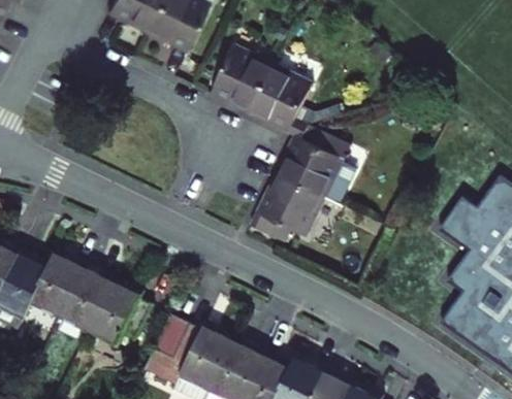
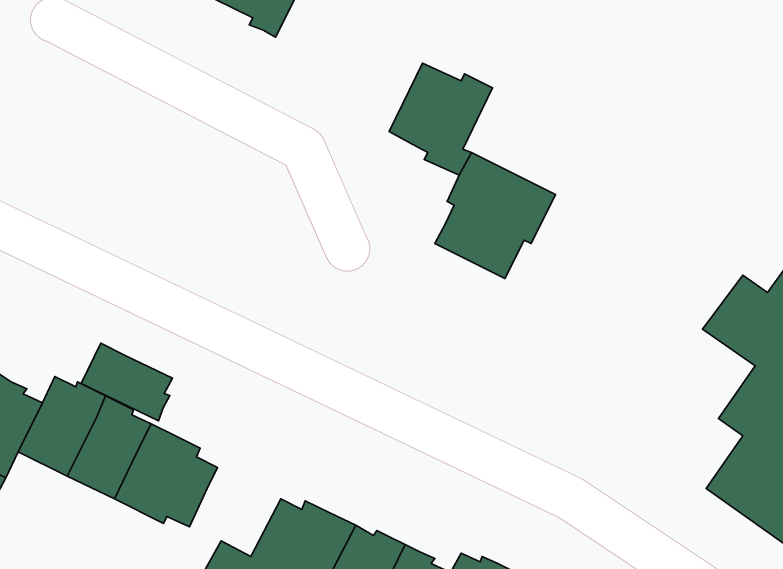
building: [210,45,270,109] -> none
building: [249,175,319,250] -> none
building: none -> [81,343,172,421]

